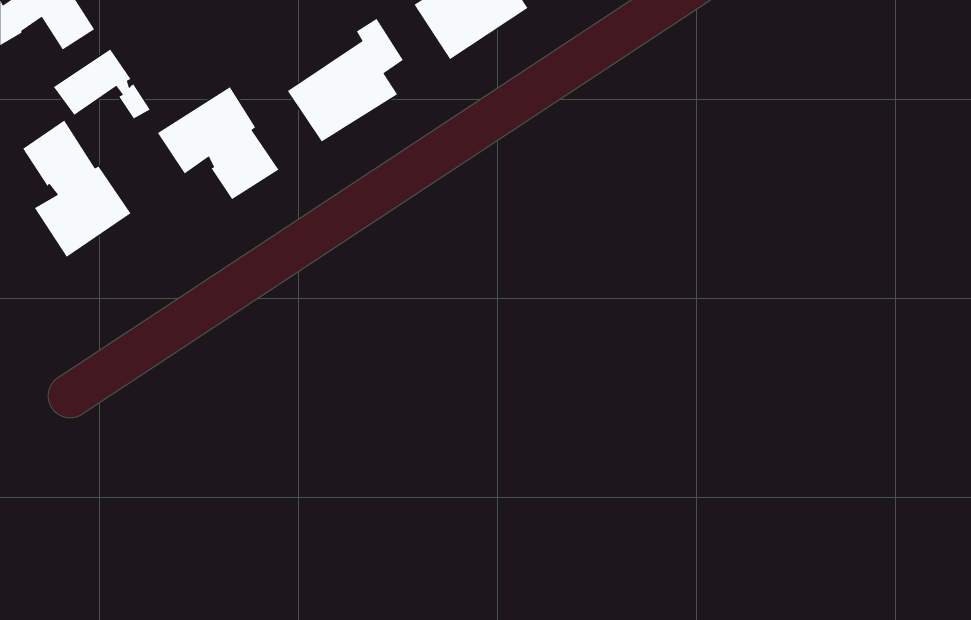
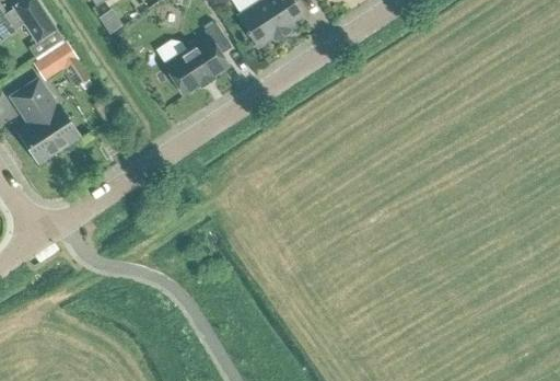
building: [157,86,279,200] -> none

